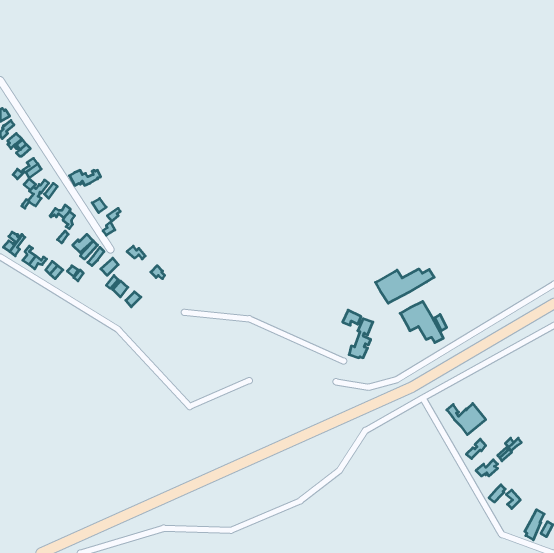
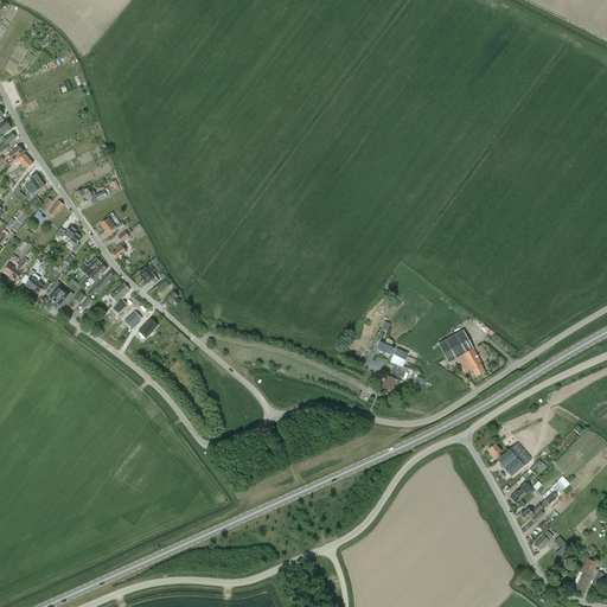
building: [375,269,434,303] -> none

